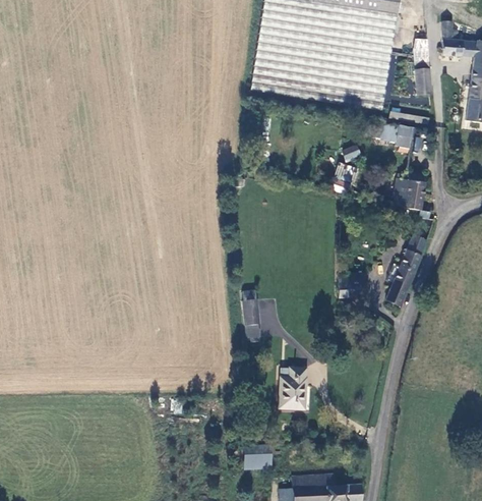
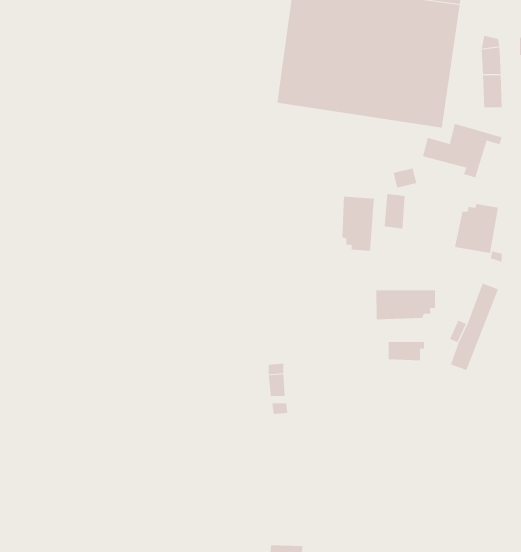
building: none -> [342,196,375,251]
building: none -> [376,290,436,320]
building: [281,369,306,409] -> none

